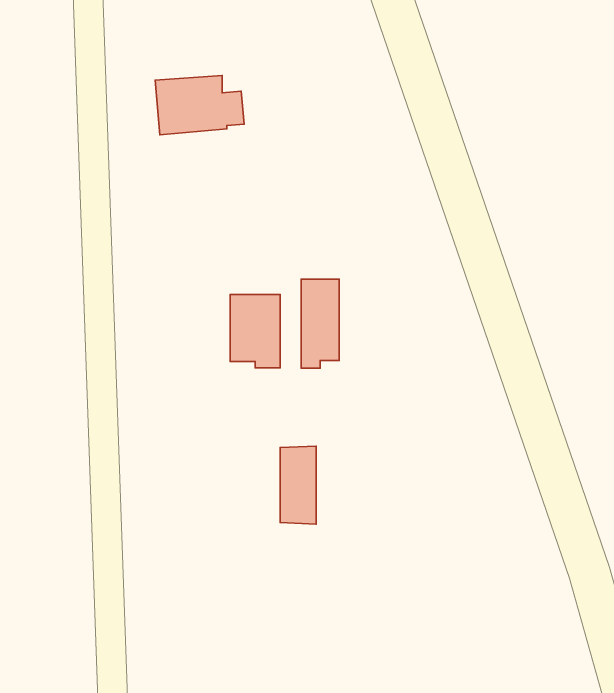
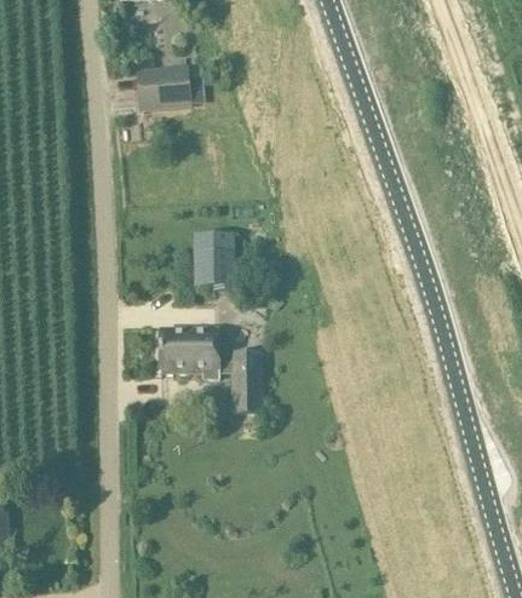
building: [301,279,339,368] -> none
building: none -> [160,327,219,372]

